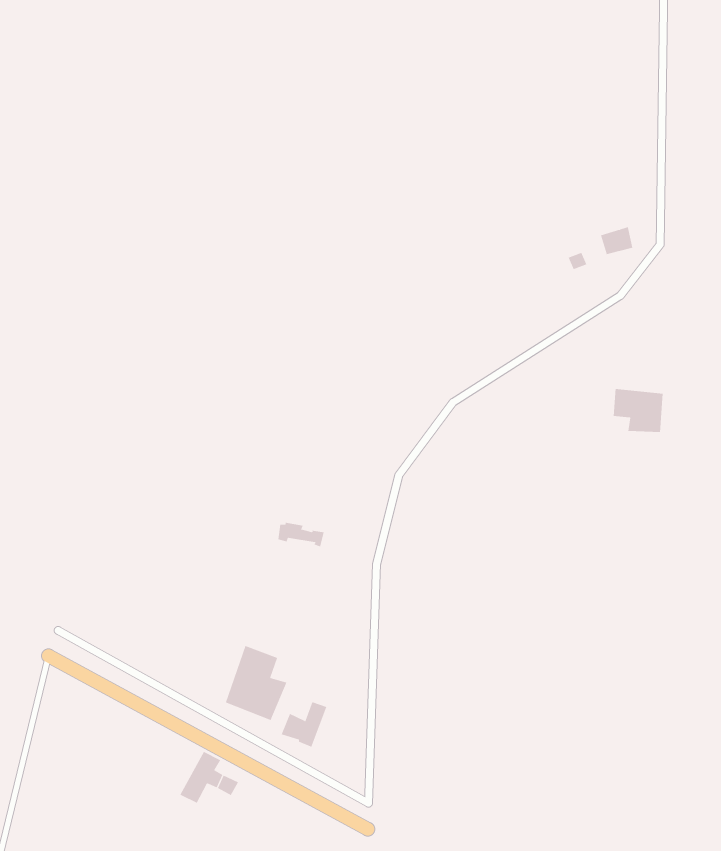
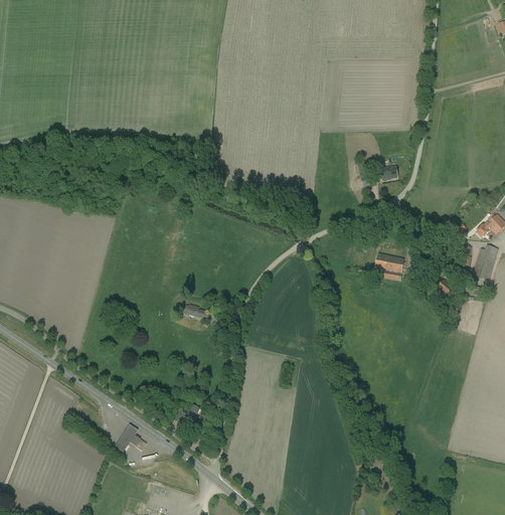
building: [225,645,287,721] -> none

